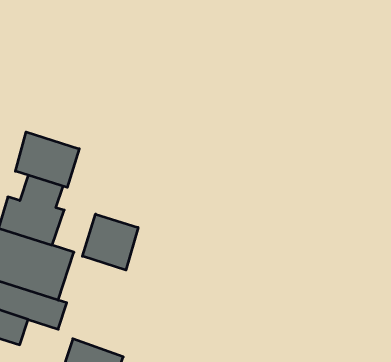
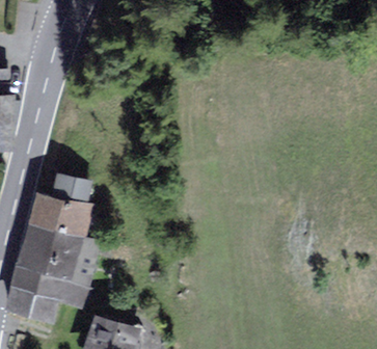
building: [15,132,79,187] -> none
building: [82,214,138,270] -> none

